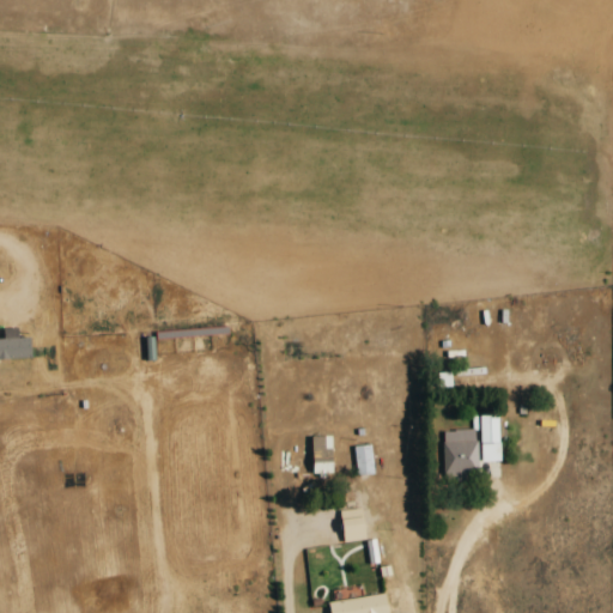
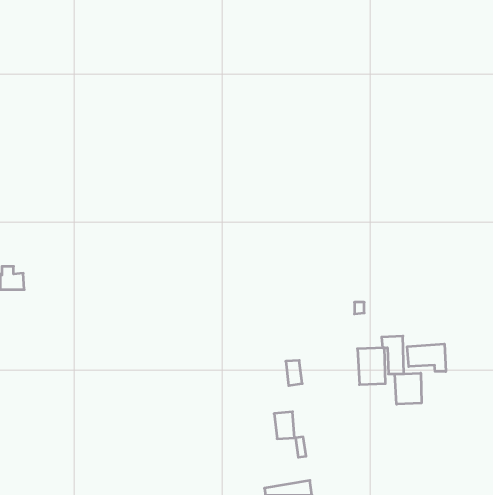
building: none -> [407,344,446,372]
building: [312,436,334,465] -> none
building: none -> [395,373,421,404]

